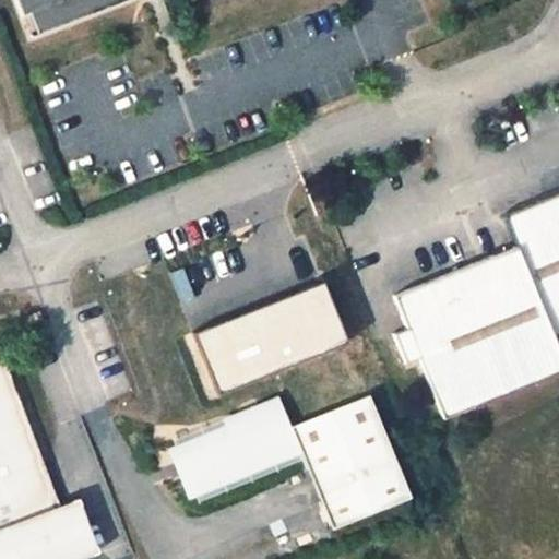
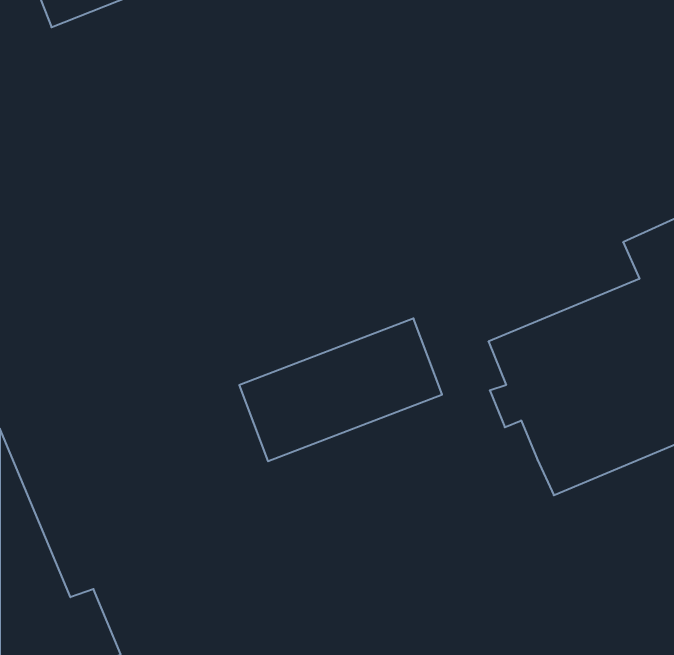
building: [170,395,404,530] -> none

